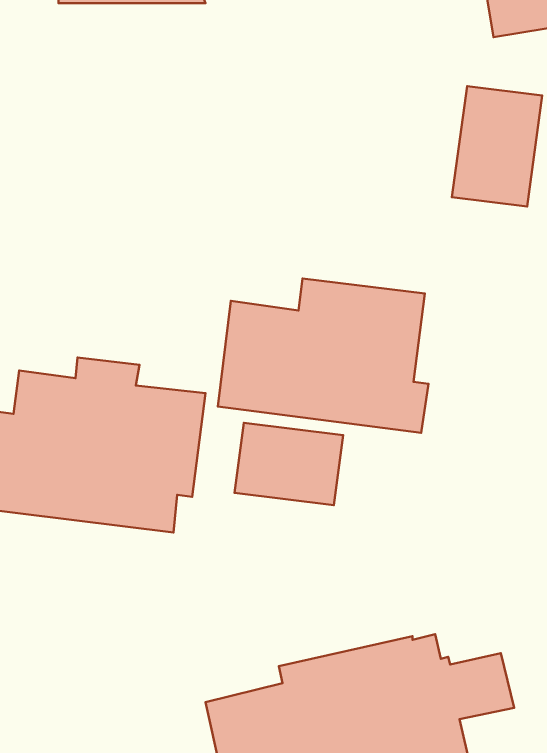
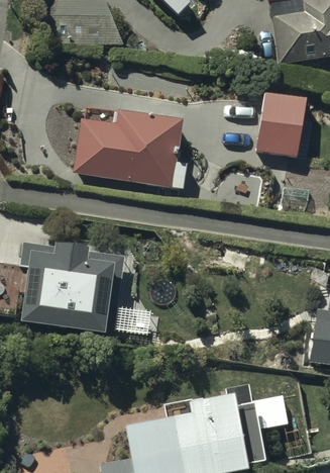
building: [218,278,429,433] -> [74,106,187,189]
building: [234,423,343,505] -> none

